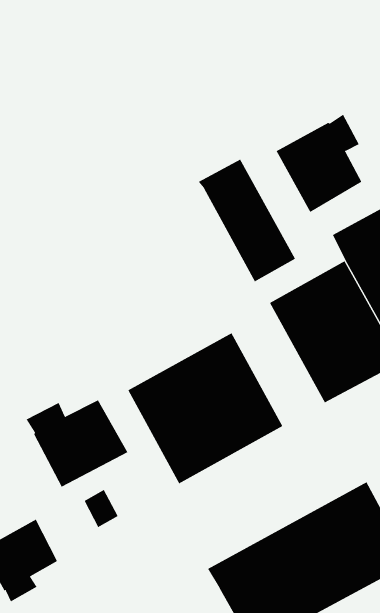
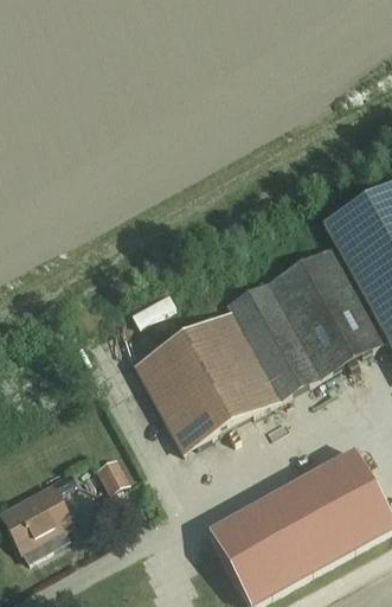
building: [276,114,362,213] -> none
building: [198,159,296,282] -> [226,283,316,397]
building: [26,400,128,487] -> none

